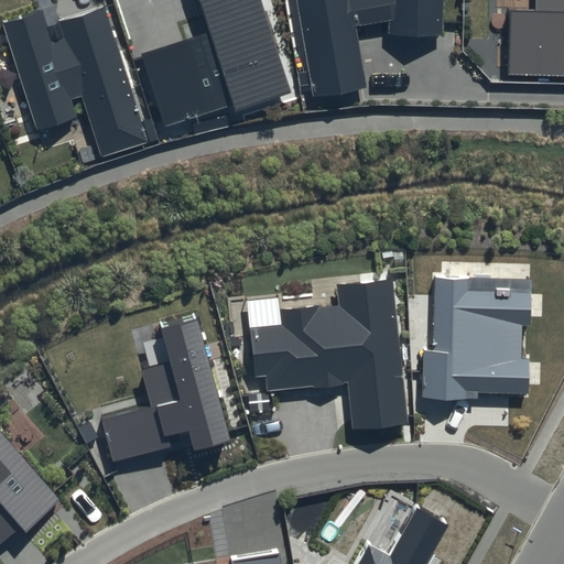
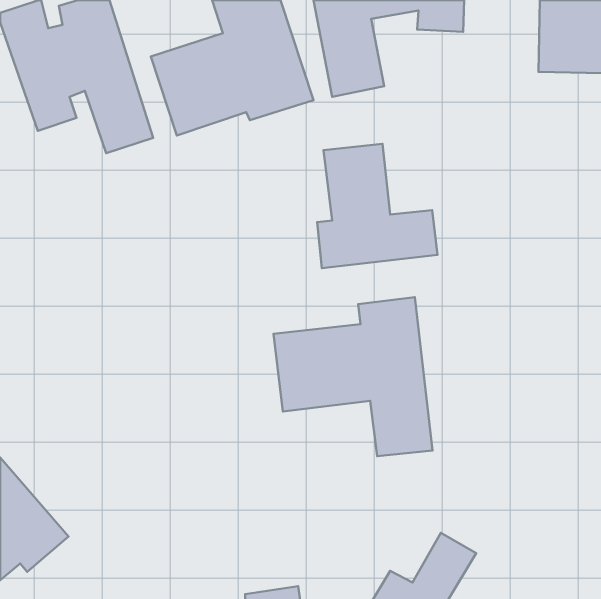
building: none -> [317,144,438,268]
building: [425,276,531,400] -> none
building: [101,316,230,466] -> none

